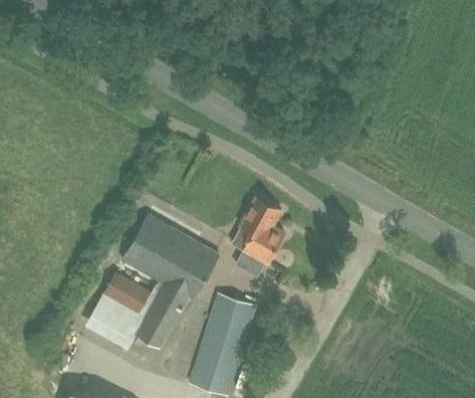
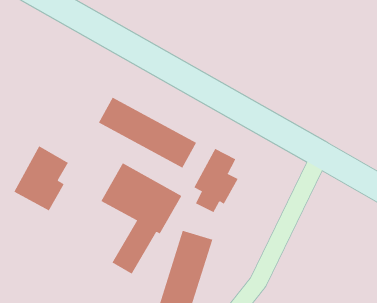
building: none -> [98,97,197,169]
building: [84,271,150,349] -> [13,146,69,211]

